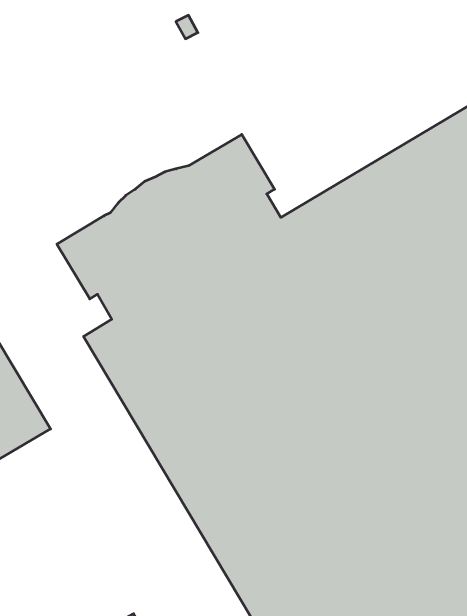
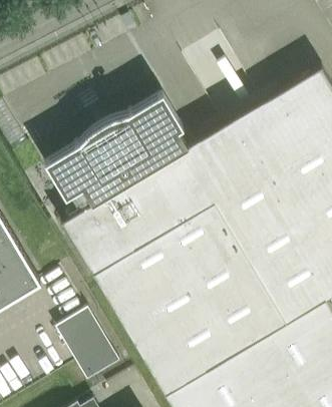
building: none -> [56,309,120,381]

